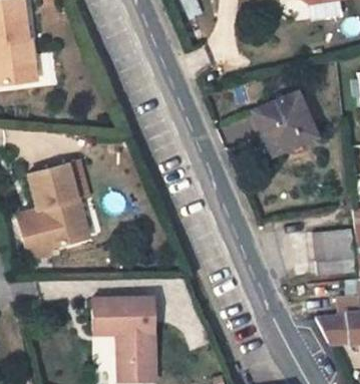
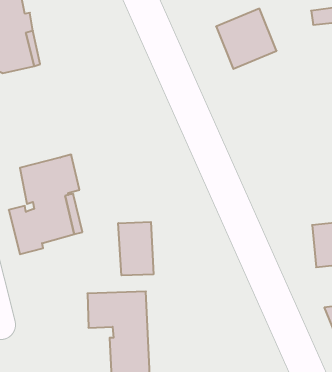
building: [256,91,316,151] -> [216,9,277,69]
building: none -> [118,222,153,275]

